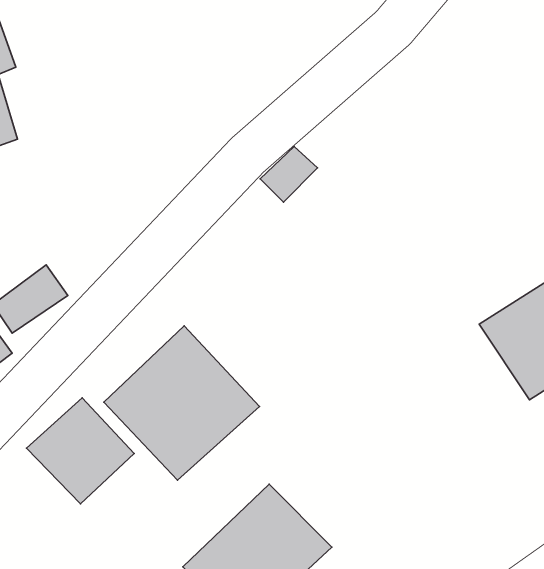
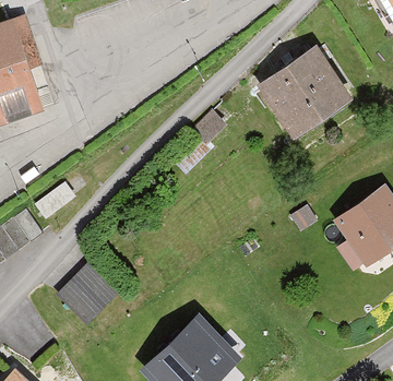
building: none -> [257,43,354,136]
building: [104,326,259,480] -> none

